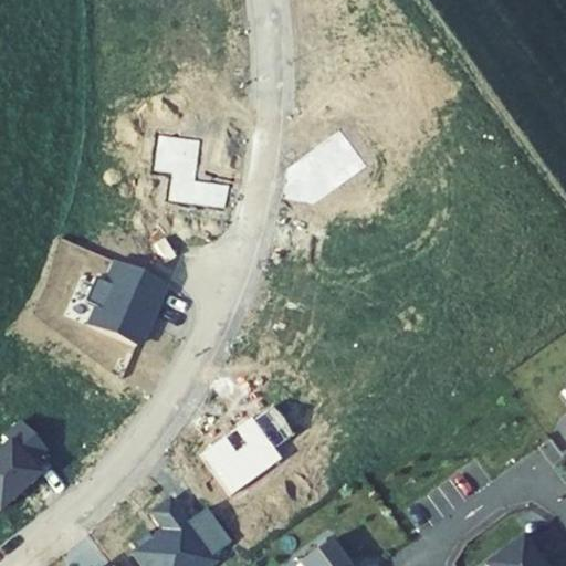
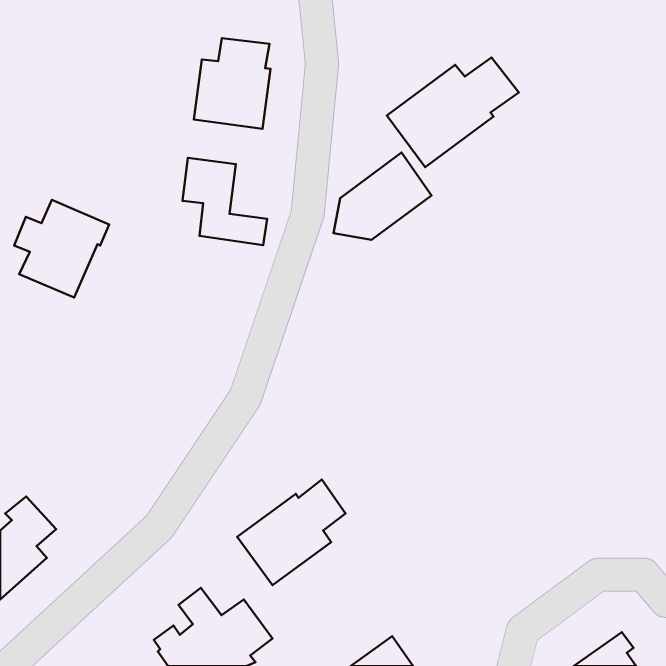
building: none -> [194,38,271,129]
building: none -> [387,58,519,167]
building: [85,263,166,346] -> [14,200,109,298]

